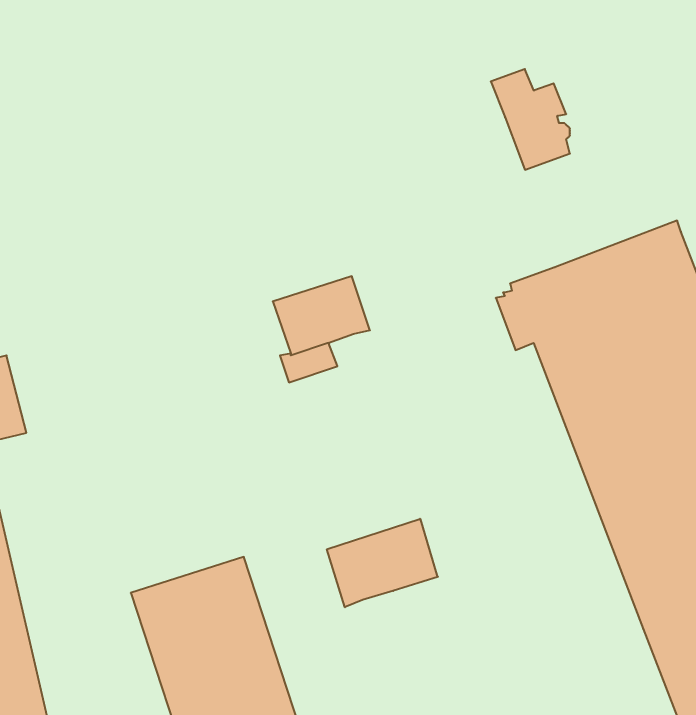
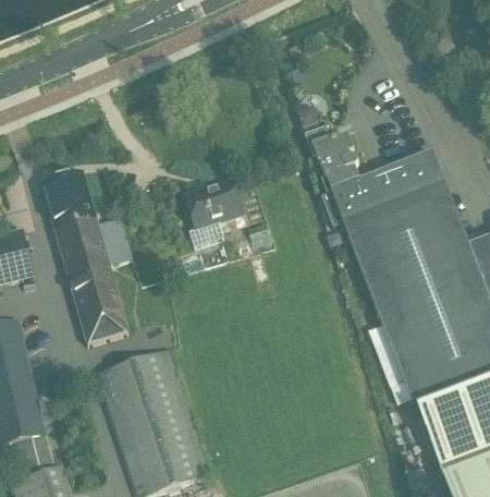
building: [491,69,570,170] -> [308,123,356,184]
building: none -> [44,171,130,343]
building: [327,519,438,607] -> none

